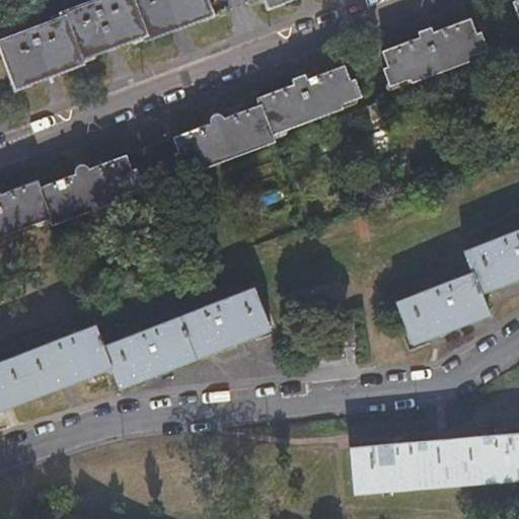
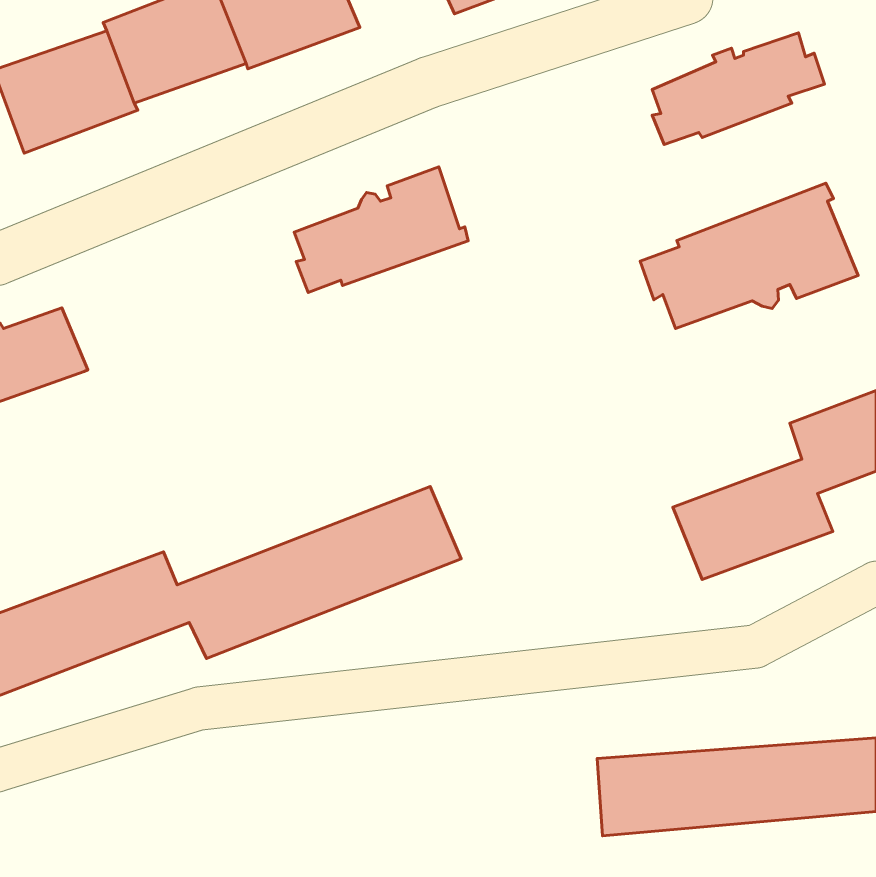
building: [258,67,362,135] -> none
building: none -> [640,183,858,329]
building: [36,156,143,225] -> none

